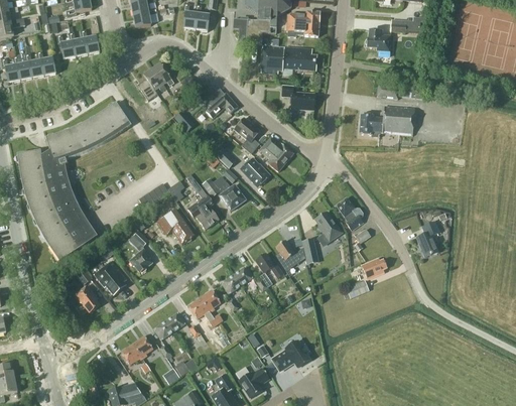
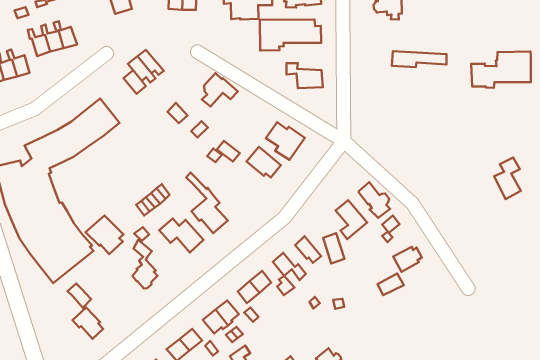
building: [360,105,414,136] -> [471,51,531,88]
building: [234,117,260,153] -> none
building: [204,169,245,210] -> none
building: [416,221,439,257] -> [494,157,521,199]
building: [94,260,127,294] -> [86,216,123,254]

